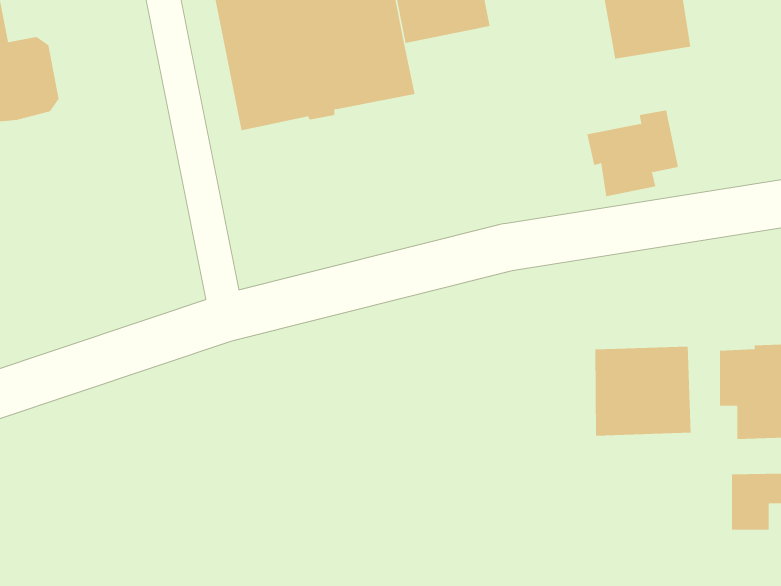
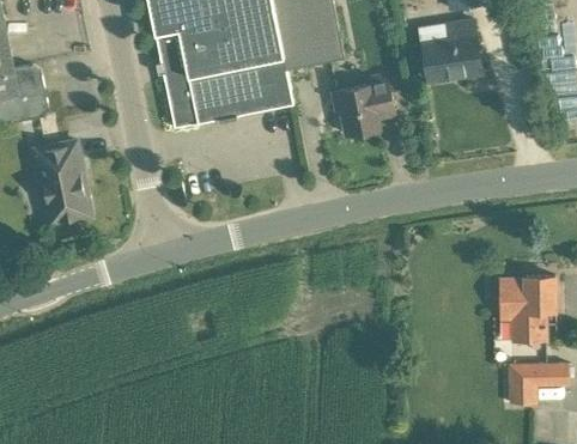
building: [586,110,679,197] -> [332,75,395,135]
building: none -> [34,141,91,225]
building: [595,346,691,436] -> none

